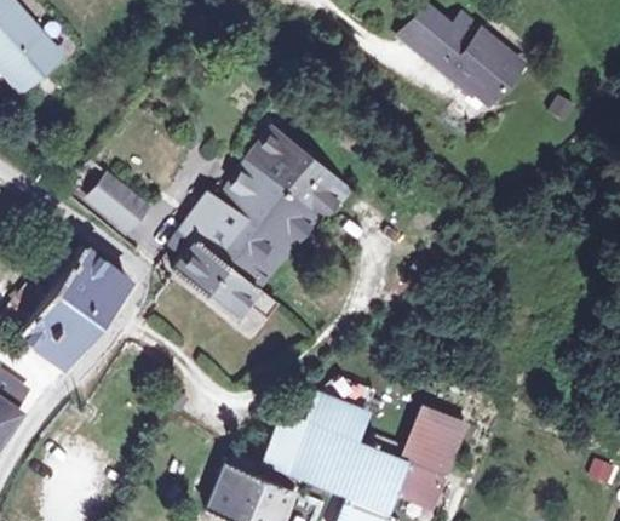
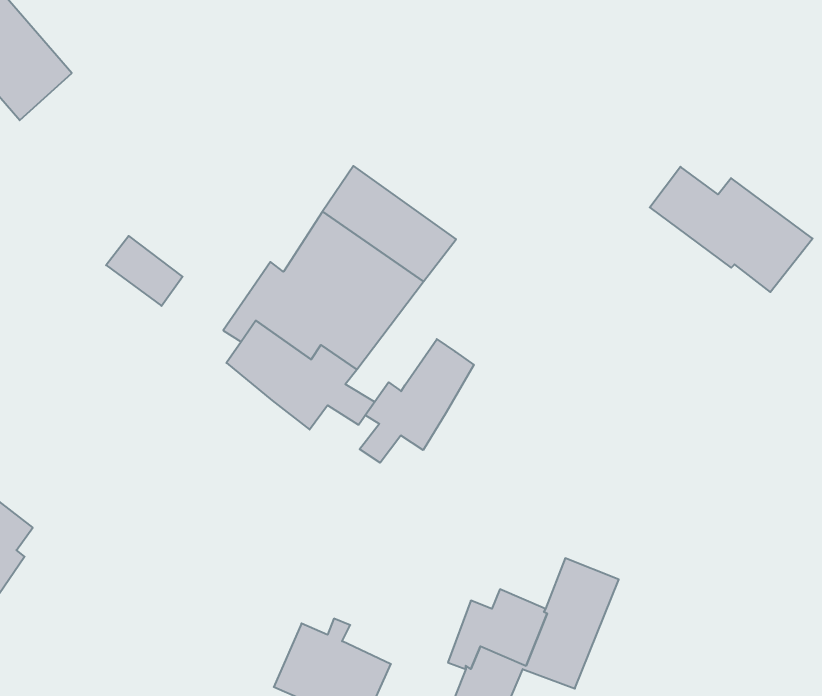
building: [412,10,533,103] -> [650,167,813,292]
building: [16,248,128,368] -> none
building: none -> [360,339,474,463]
building: [258,401,366,496] -> none

